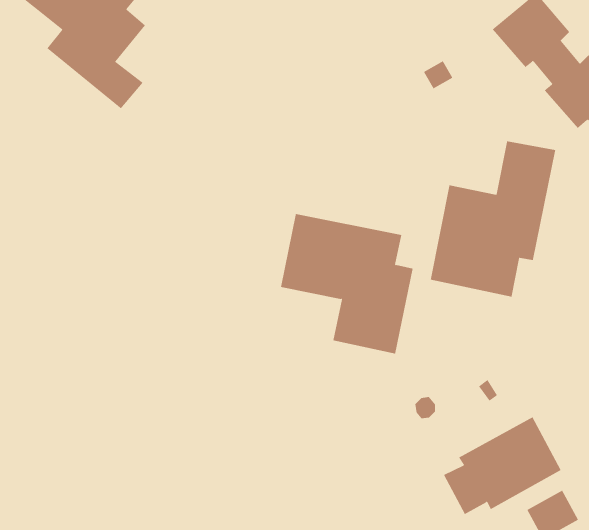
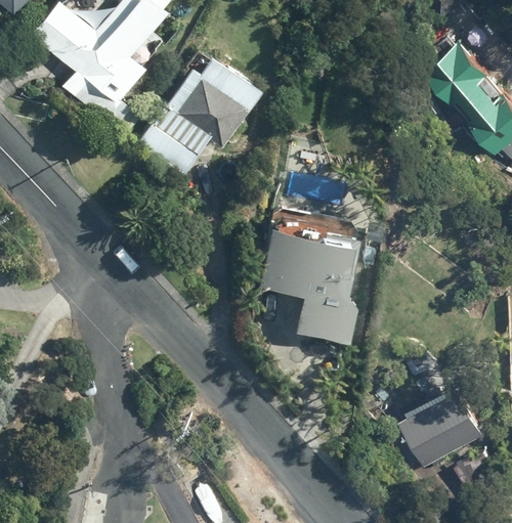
building: none -> [137,57,261,176]
building: [430,140,556,297] -> none

